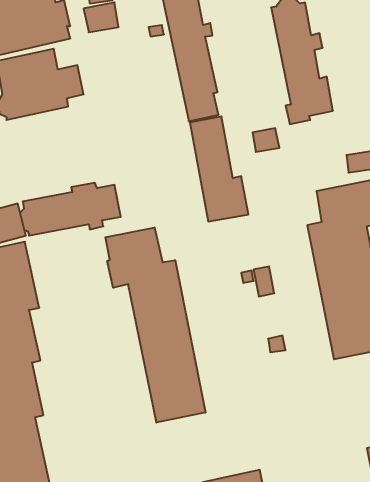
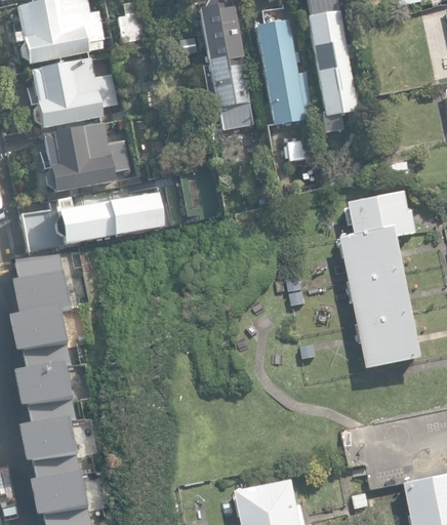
building: none -> [42,124,129,193]
building: [190,116,248,222] -> [254,22,313,126]
building: [105,227,206,423] -> none

